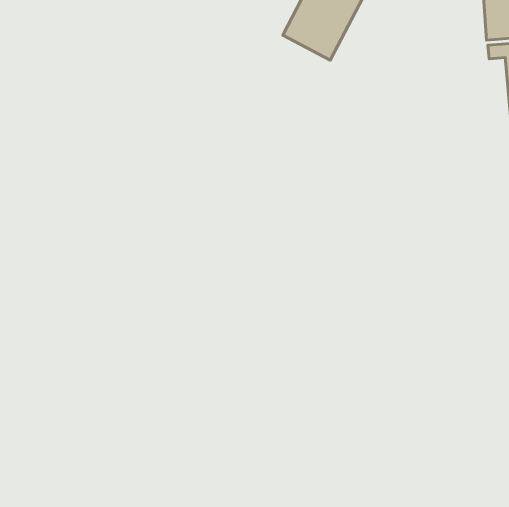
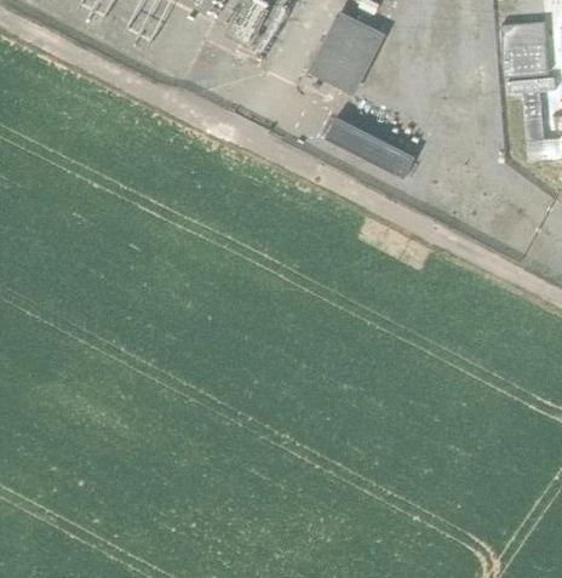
building: none -> [326,115,417,178]

